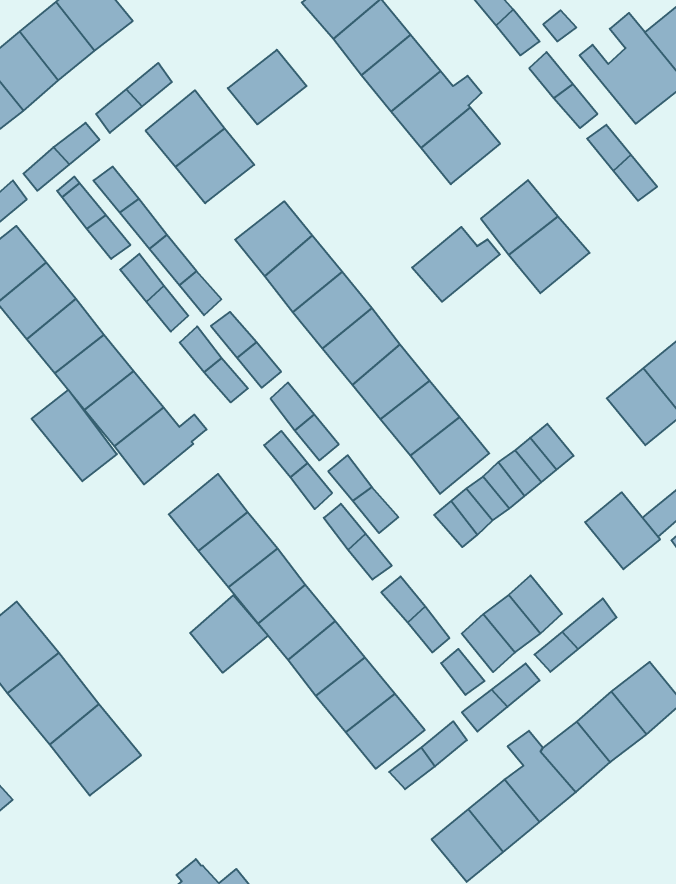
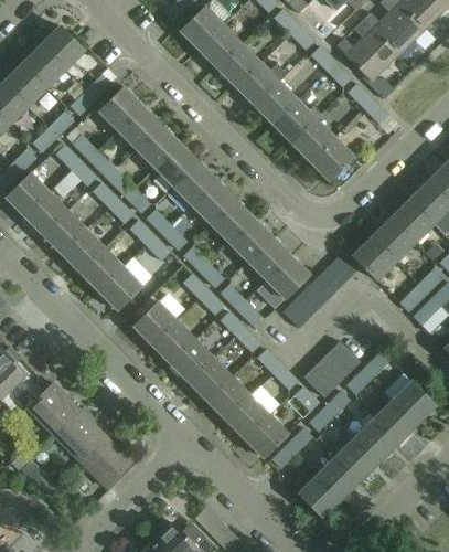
building: [228,50,307,124] -> [136,125,180,168]
building: [412,227,500,302] -> [272,99,321,142]
building: [32,390,117,481] -> none
building: [585,492,660,569] -> [353,236,396,279]
building: [190,595,268,673] -> none

